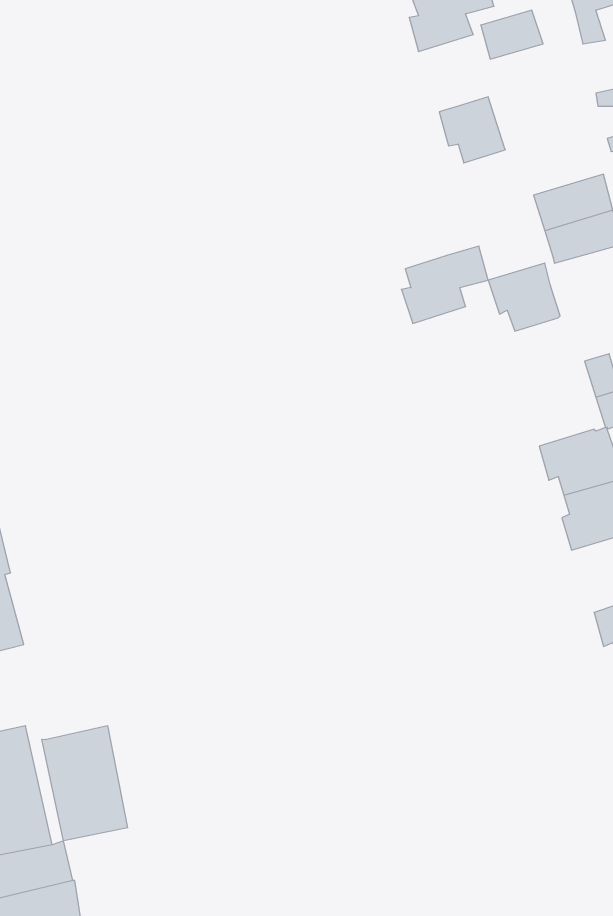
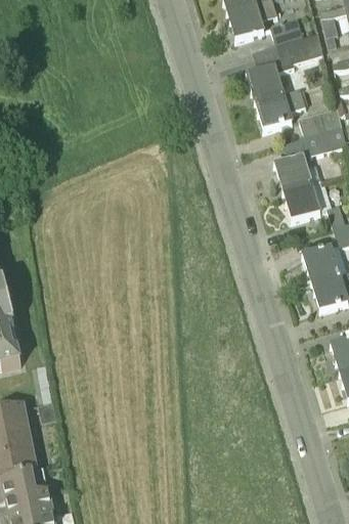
building: none -> [274,30,322,67]
building: [401,246,488,323] -> [258,86,305,128]
building: none -> [286,182,321,219]
building: [42,726,128,841] -> none

